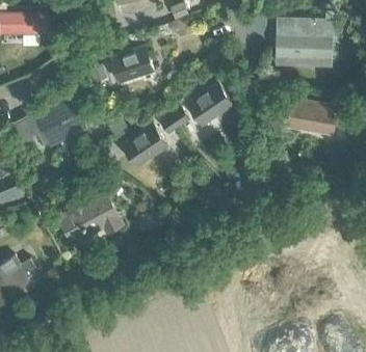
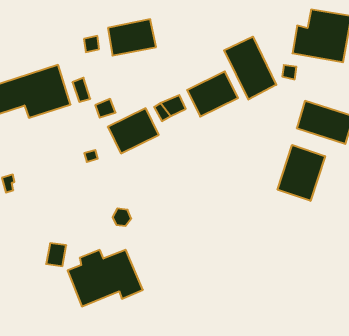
building: none -> [224,37,276,100]
building: none -> [278,145,325,201]
building: [56,193,125,248] -> [68,250,143,306]

